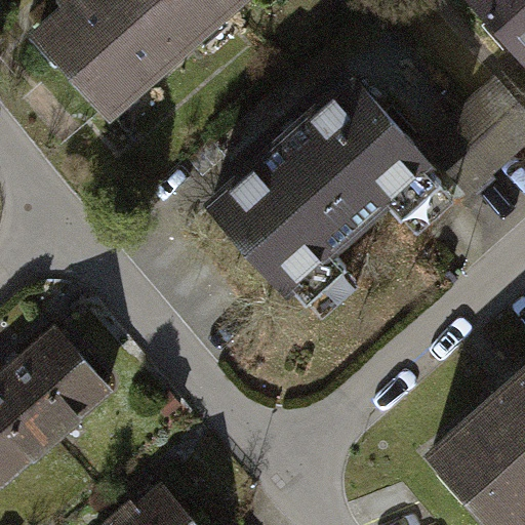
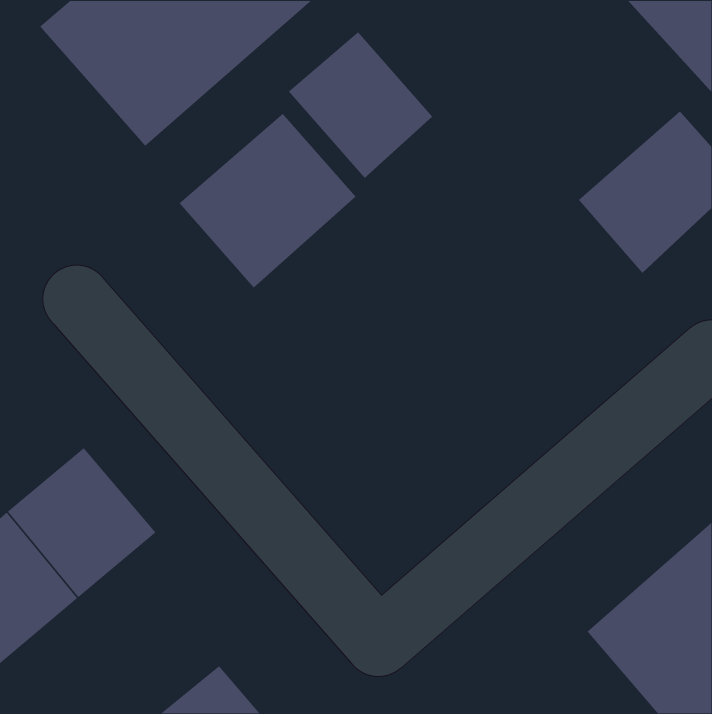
building: none -> [288,31,433,179]
building: none -> [179,113,356,289]
building: [214,89,431,298] -> none

